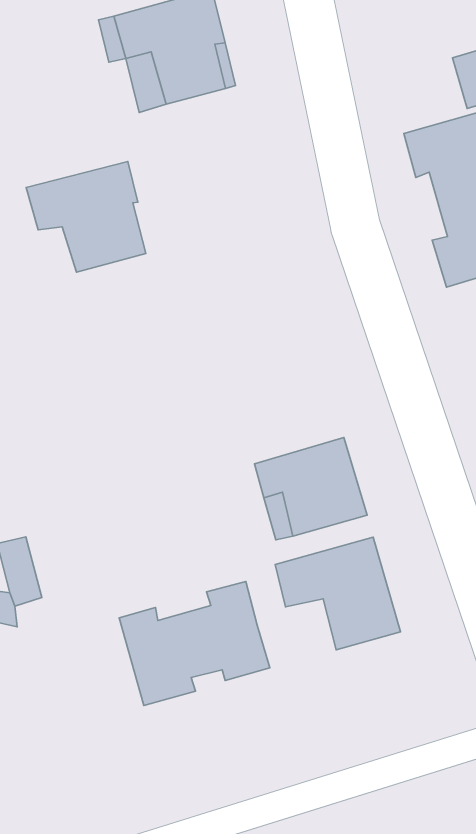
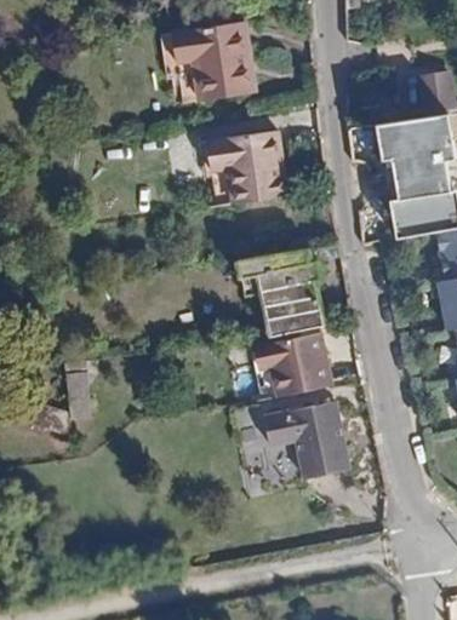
building: [26,161,146,272] -> [212,131,290,203]
building: none -> [234,251,315,335]
building: [119,582,270,706] -> none

